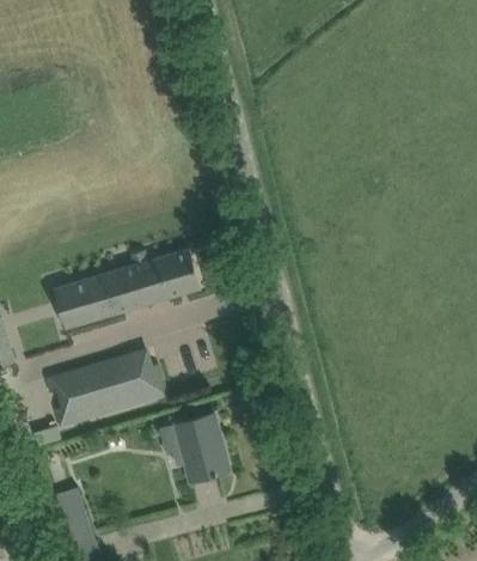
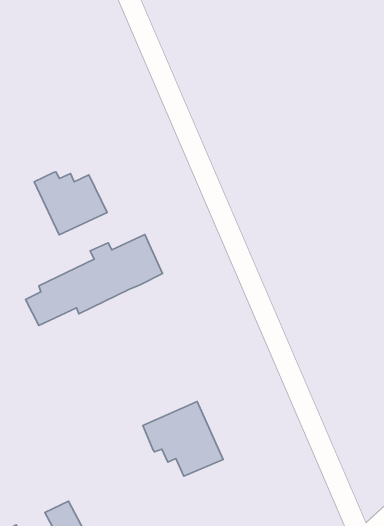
building: none -> [34,172,107,235]
building: [44,353,165,428] -> none

